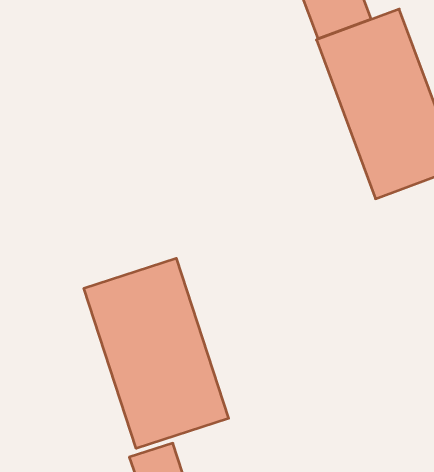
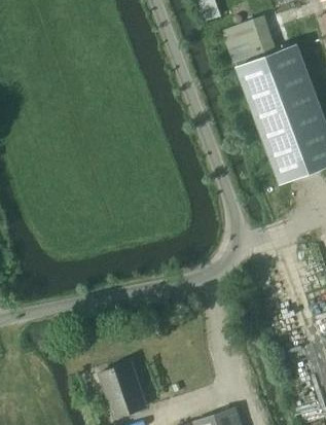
building: [84,258,229,448] -> none

